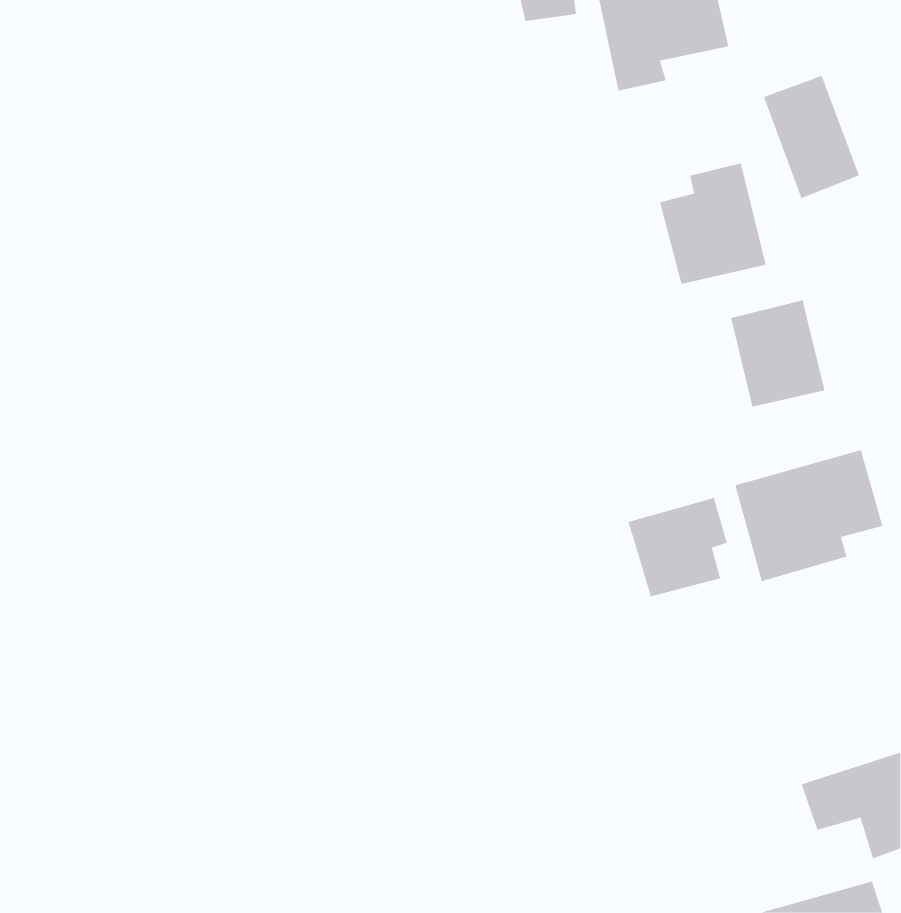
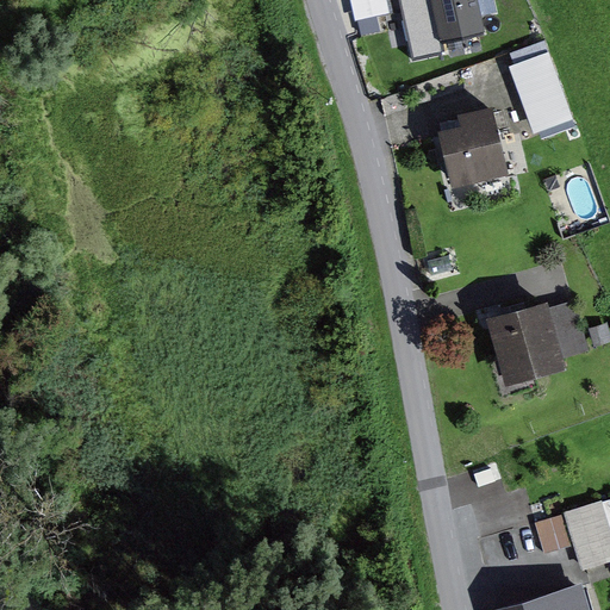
building: [731,300,825,408] -> none
building: [628,497,727,597] -> none

